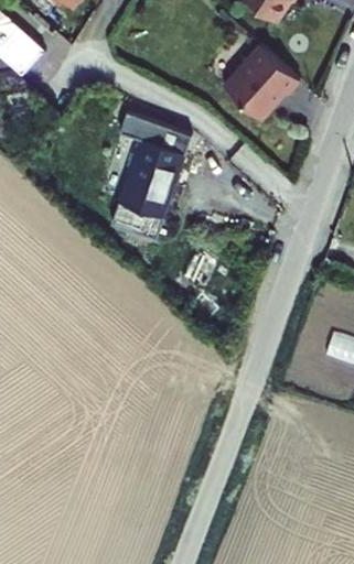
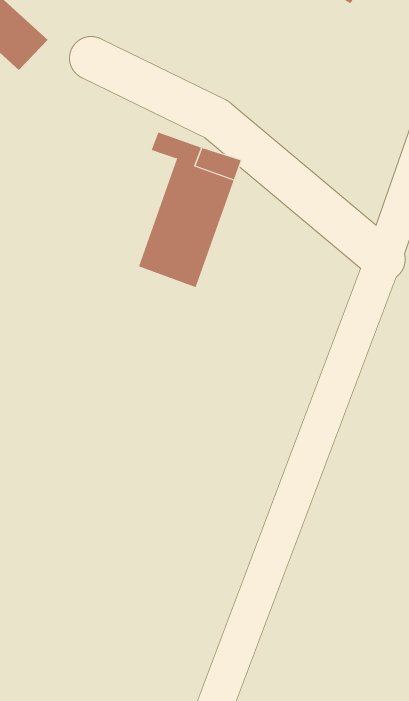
building: [225,47,301,121] -> none

